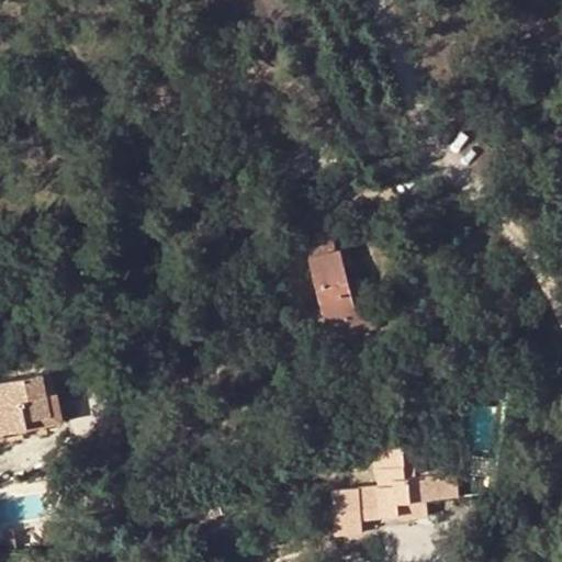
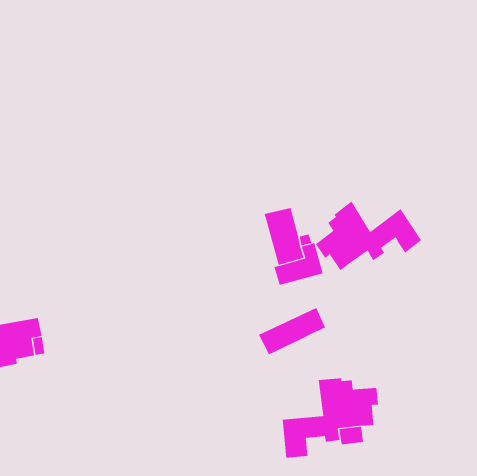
building: none -> [315,200,422,271]
building: none -> [258,307,326,355]

